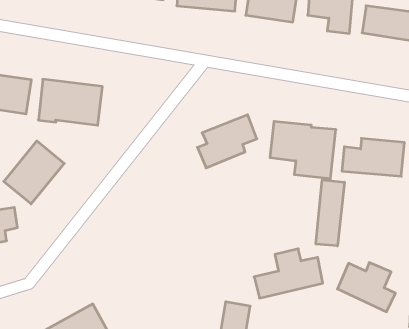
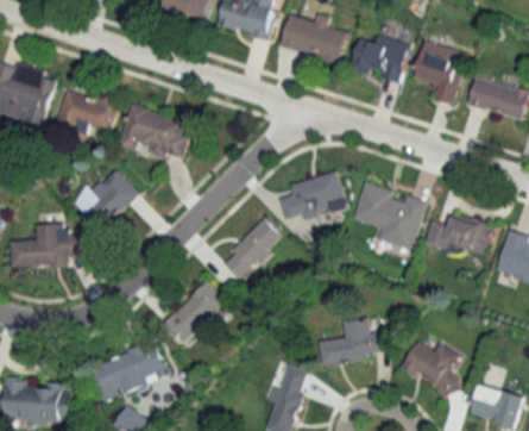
building: none -> [220,218,283,281]
building: [316,180,344,246] -> none
building: none -> [162,281,226,344]

